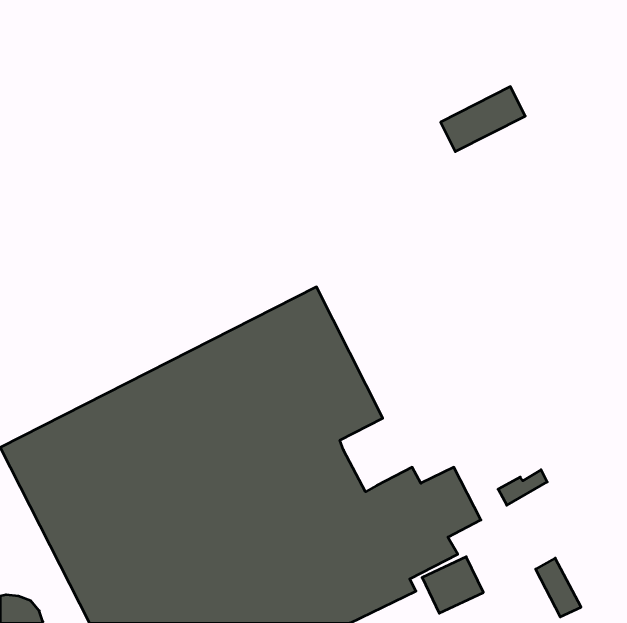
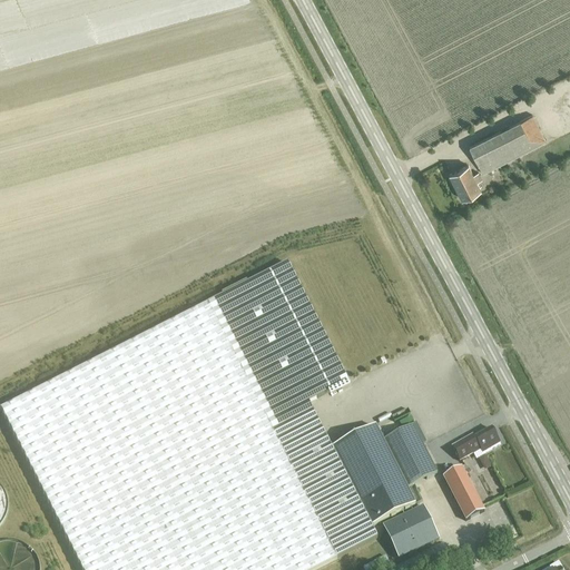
building: [441,87,525,152] -> [469,110,546,169]
building: none -> [449,161,480,196]
building: [536,558,581,617] -> [443,465,484,519]

